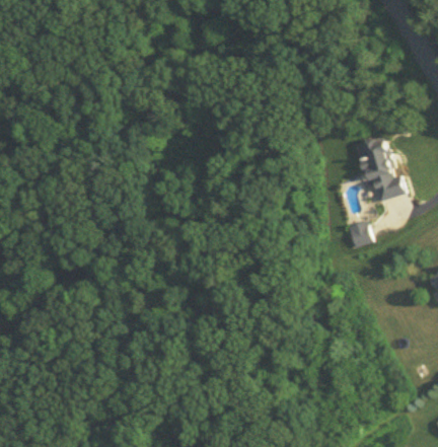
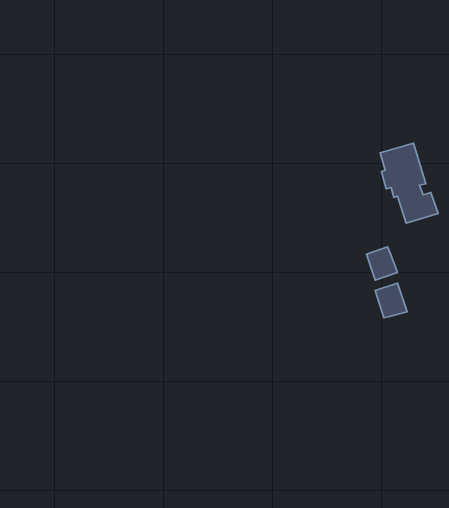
building: none -> [375,283,407,318]

